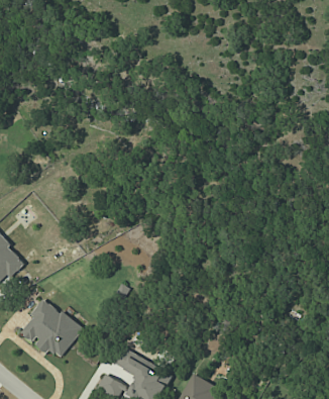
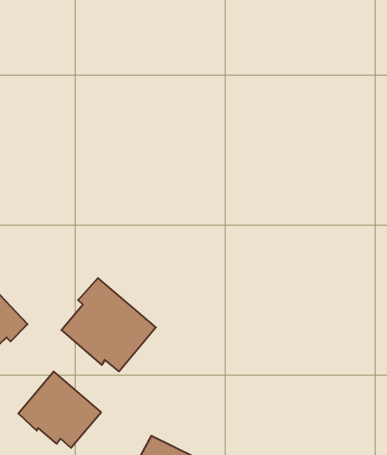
building: none -> [61,278,156,371]

